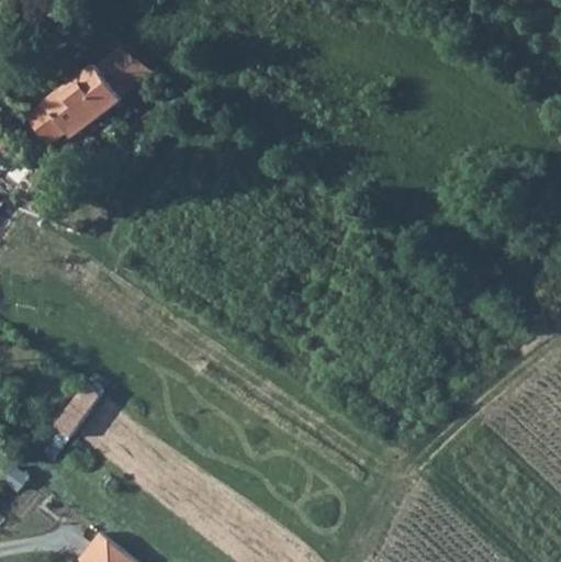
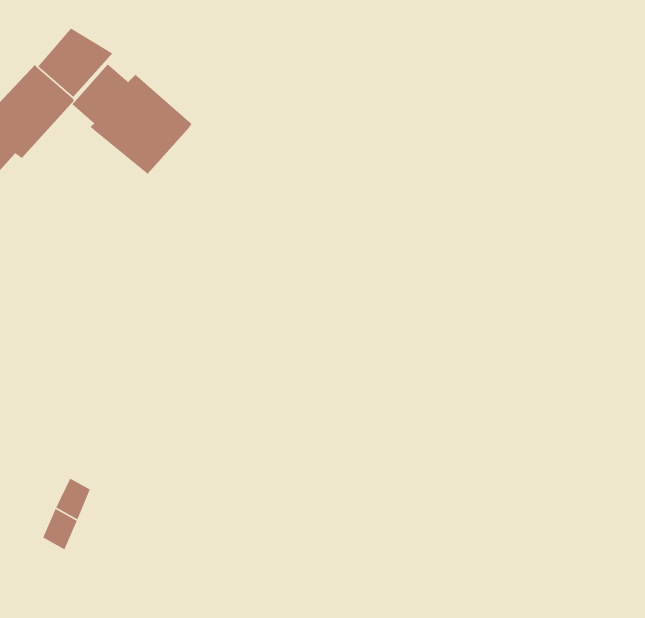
building: none -> [71,64,192,175]

